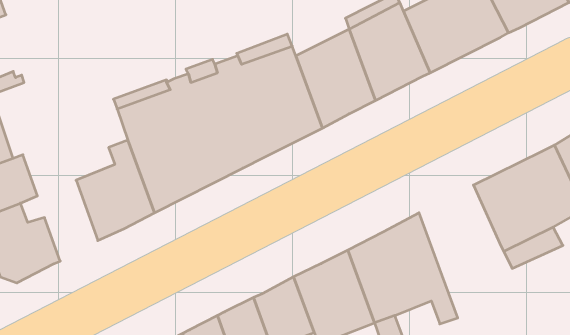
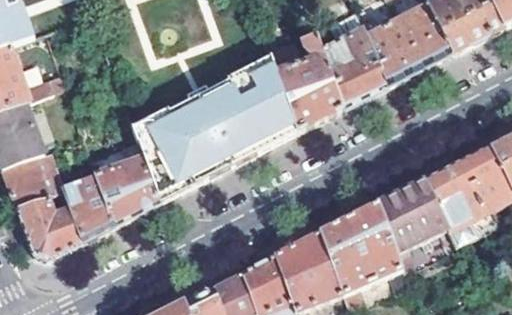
building: none -> [64,173,114,240]
building: none -> [380,177,448,252]

